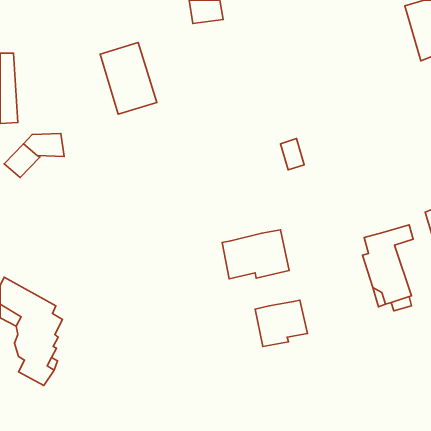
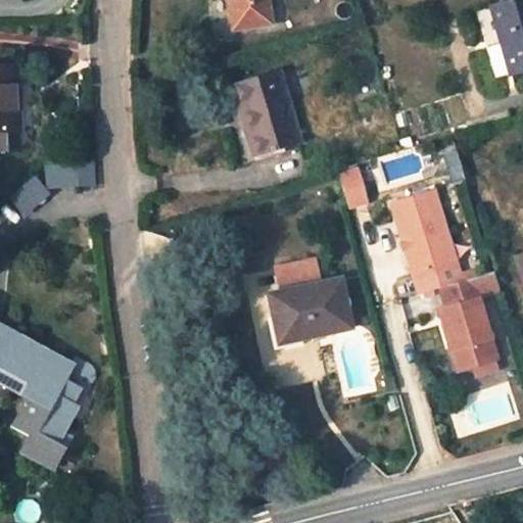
building: [100,42,157,114] -> [232,70,300,157]
building: none -> [392,189,464,295]
building: none -> [275,259,318,292]
building: [255,300,307,346] -> none

